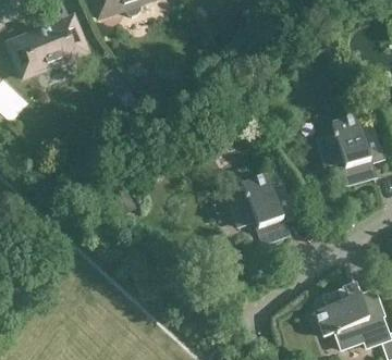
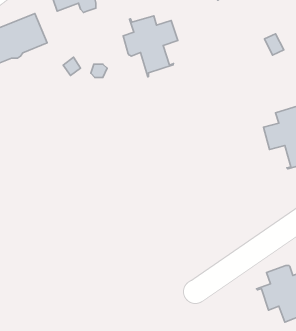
building: none -> [123,16,178,77]
building: [230,172,291,245] -> none

